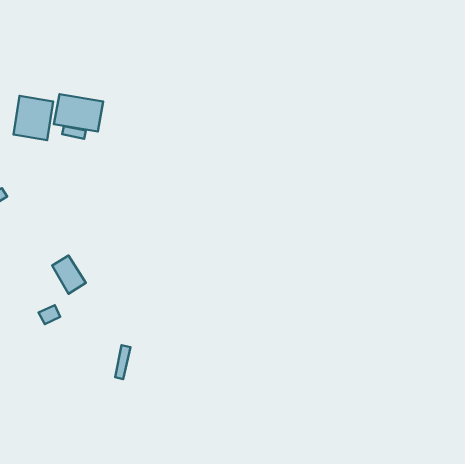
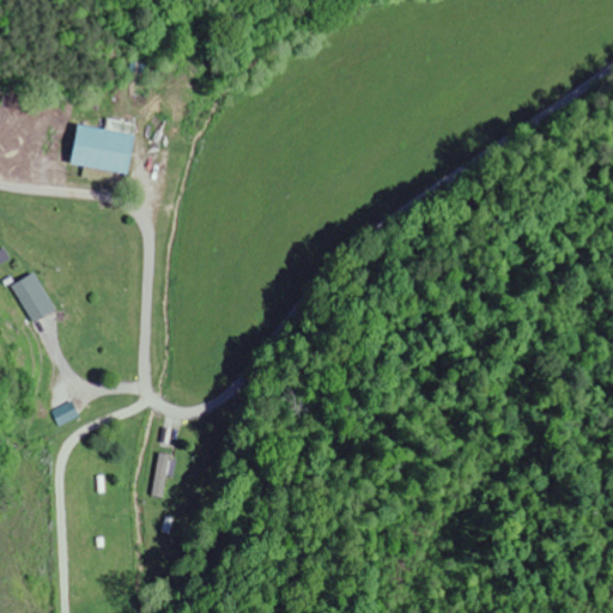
building: [14,96,53,140] -> none
building: [52,255,86,294] -> [12,272,56,322]

